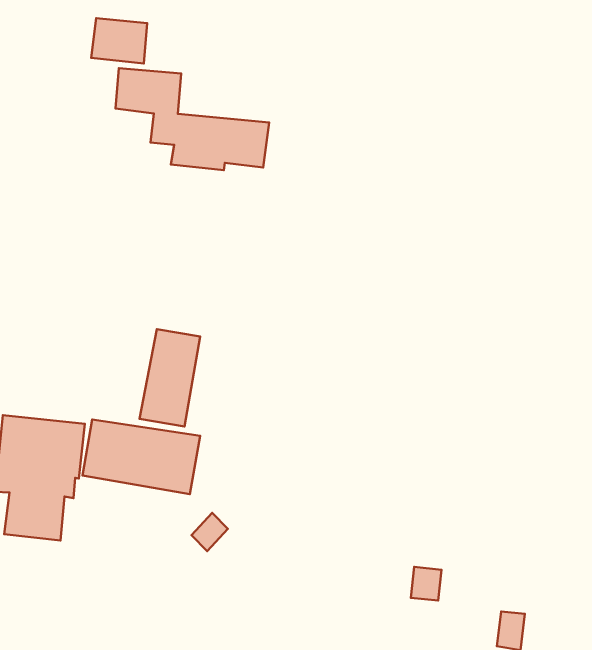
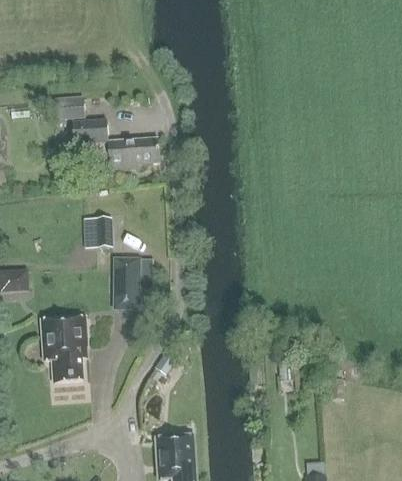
building: none -> [93,215,111,245]
building: [83,420,200,494] -> none

